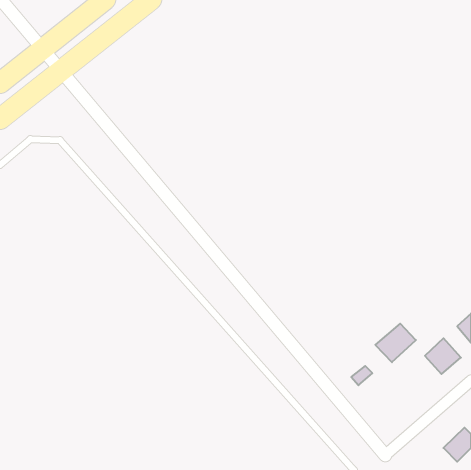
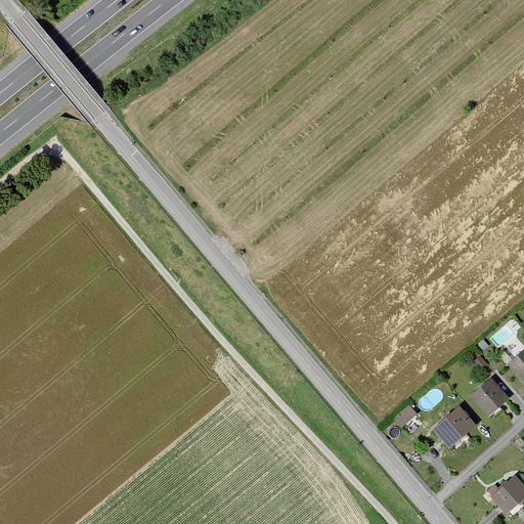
building: [375,324,416,362] -> [432,406,477,449]

